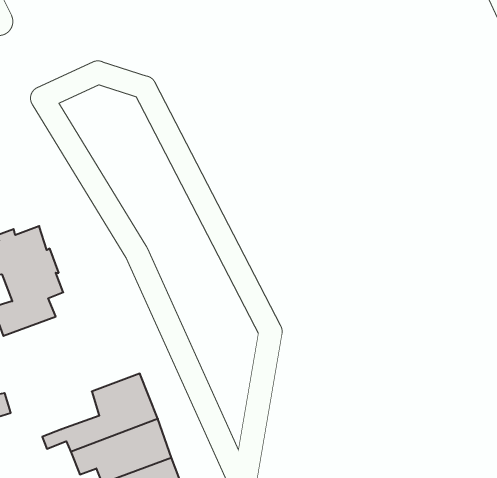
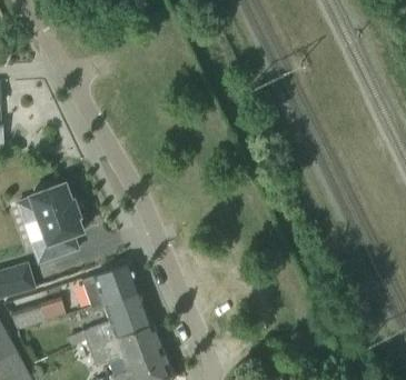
building: none -> [81,263,140,309]

